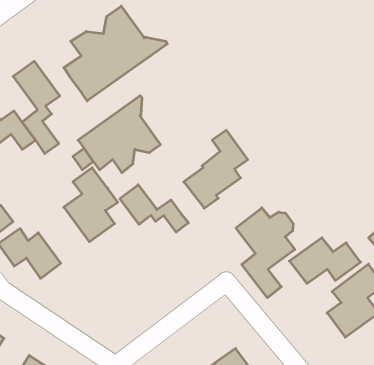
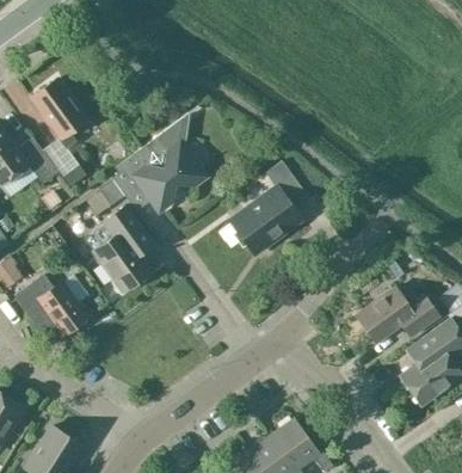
building: [64,6,167,101] -> none
building: [120,185,188,232] -> none
building: [236,208,295,298] -> none

